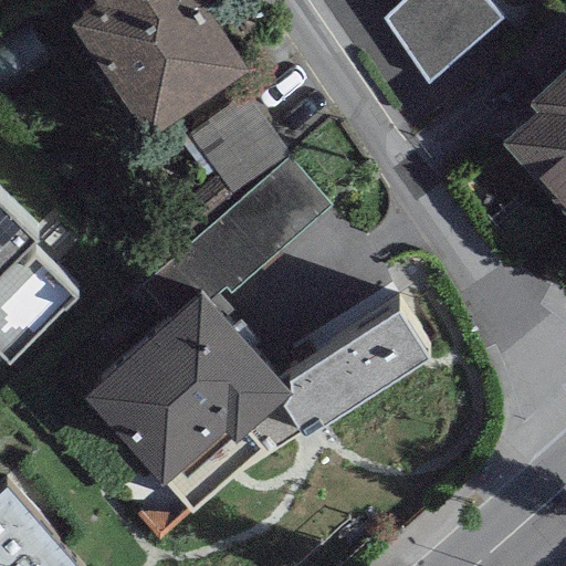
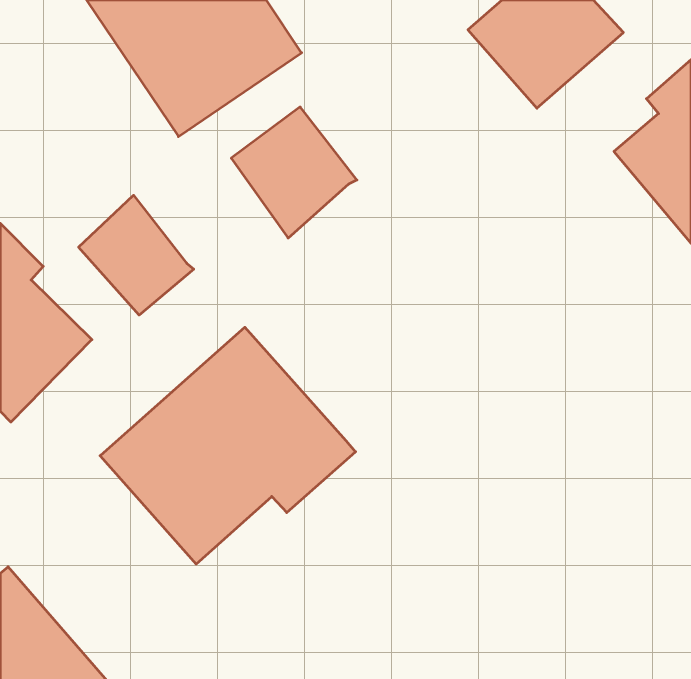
building: [186,160,328,296] -> none
building: none -> [79,195,194,315]
building: [160,298,426,514] -> none

